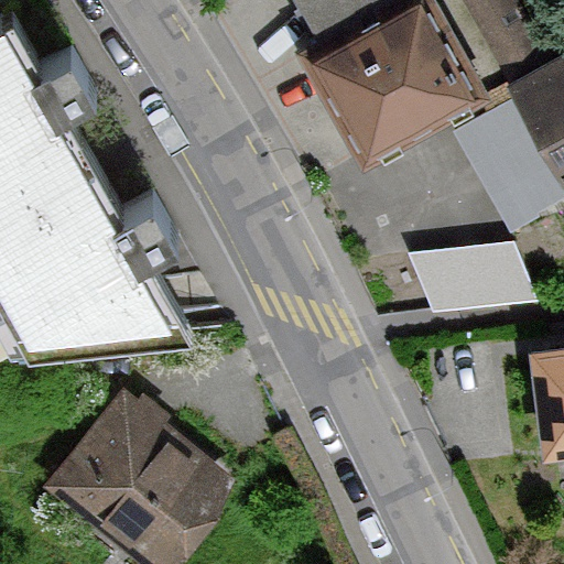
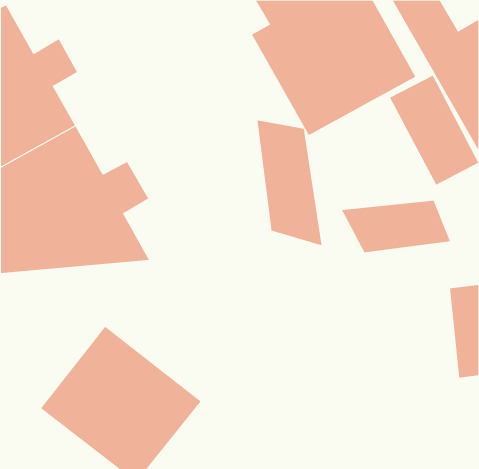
building: none -> [257,120,322,246]

